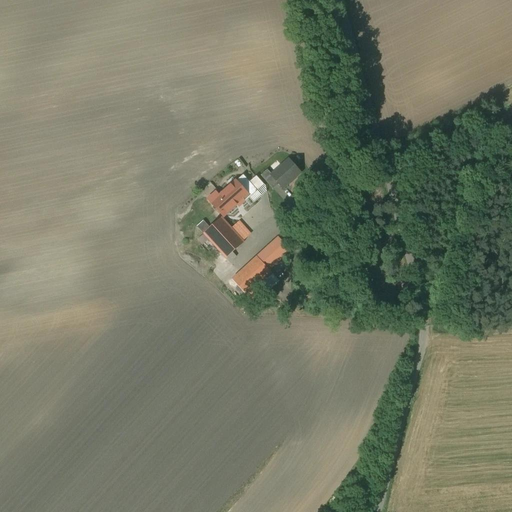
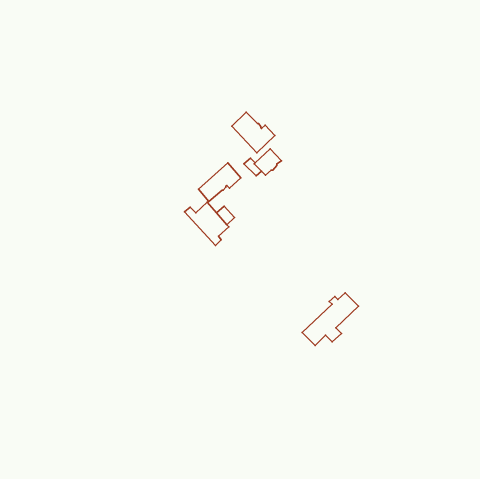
building: none -> [232,112,275,153]
building: [233,238,293,294] -> [302,293,358,346]

